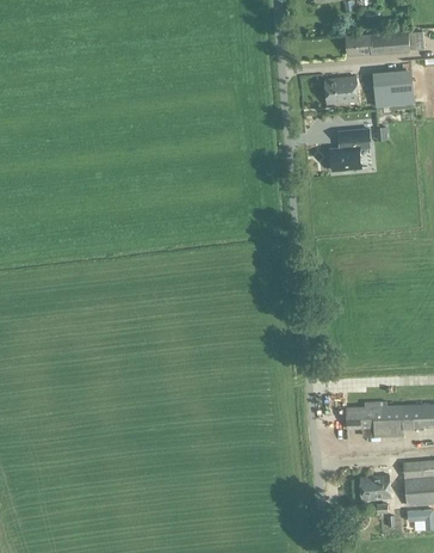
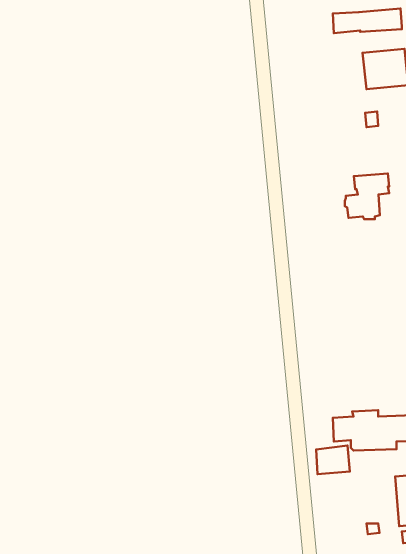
building: [323,76,356,104] -> none
building: [328,129,368,171] -> [345,174,389,219]
building: [359,474,390,500] -> [316,445,350,474]

